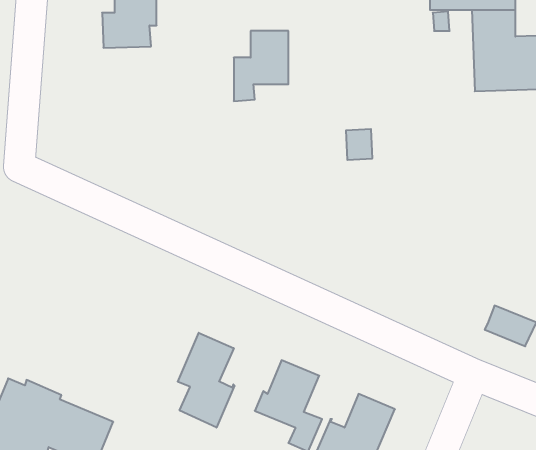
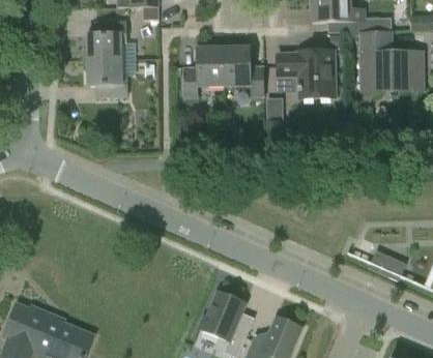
building: none -> [224,46,265,96]
building: none -> [277,49,336,97]
building: none -> [87,58,127,96]
building: [178,333,234,428] -> none

